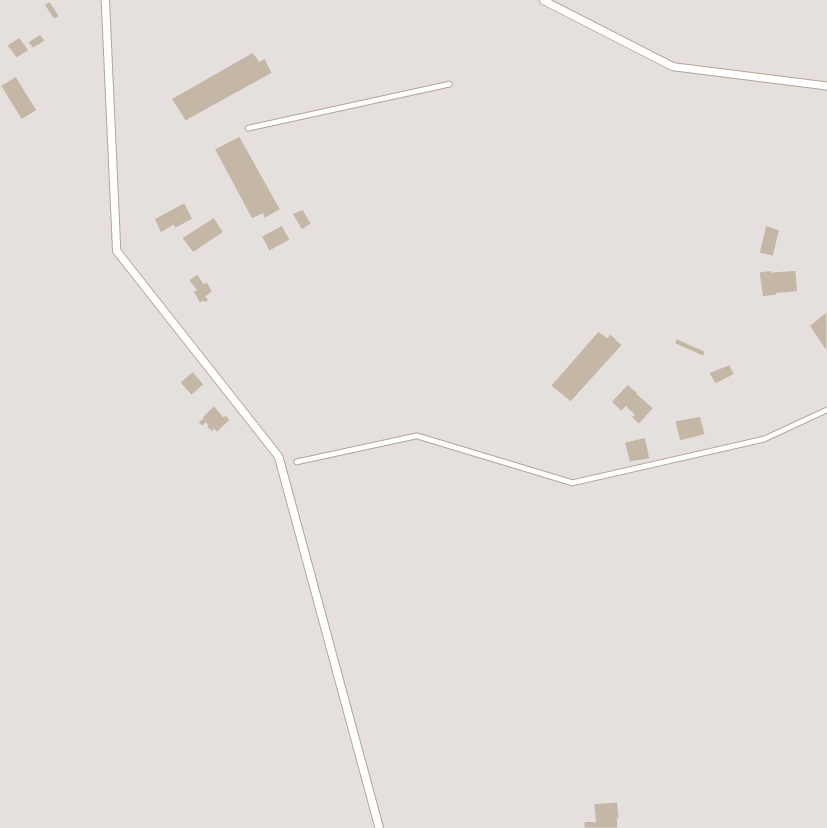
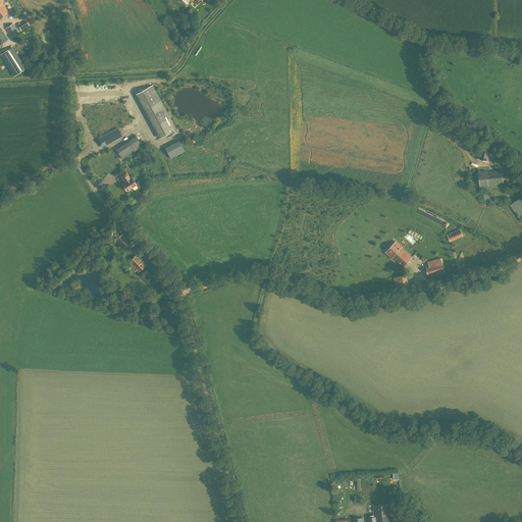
building: [171,52,272,121] -> none
building: [551,331,622,402] -> none

